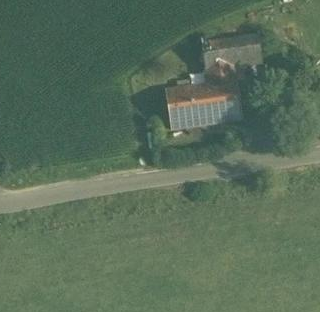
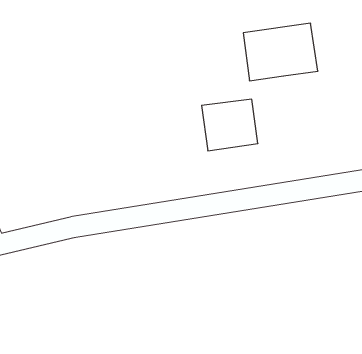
building: [205,68,240,123] -> none

